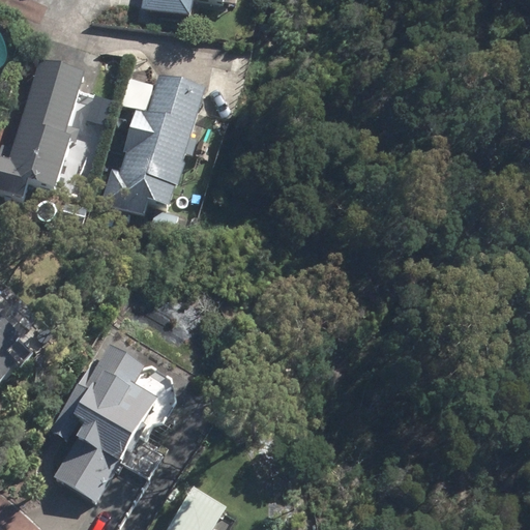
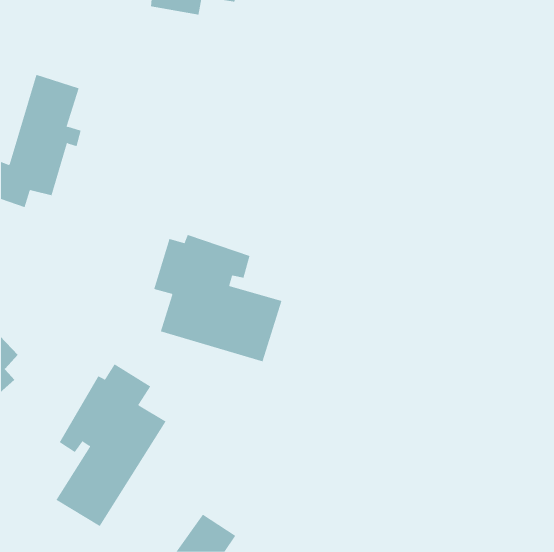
building: [104,83,199,212] -> none
building: none -> [154,234,282,362]

